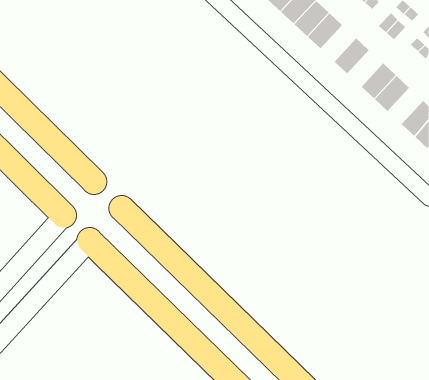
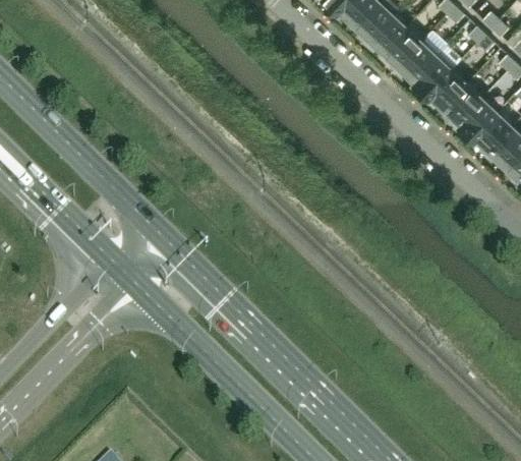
building: none -> [396,41,437,82]
building: none -> [426,69,467,111]
building: none -> [472,112,513,154]

